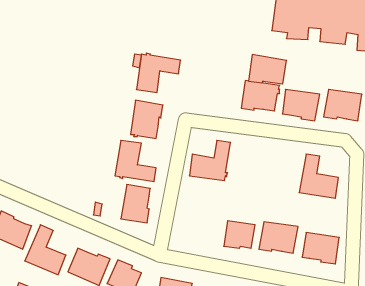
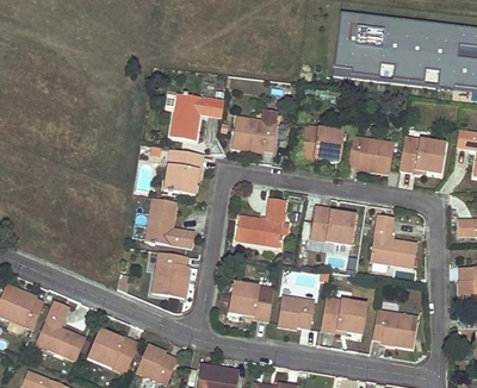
building: [248,55,287,84] -> [231,115,278,151]
building: none -> [309,205,355,245]
building: none -> [228,281,273,321]

